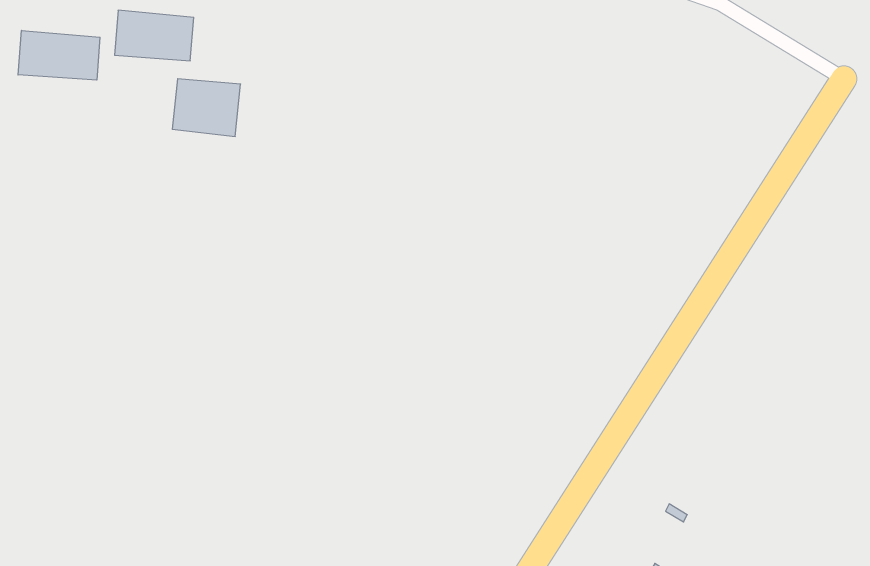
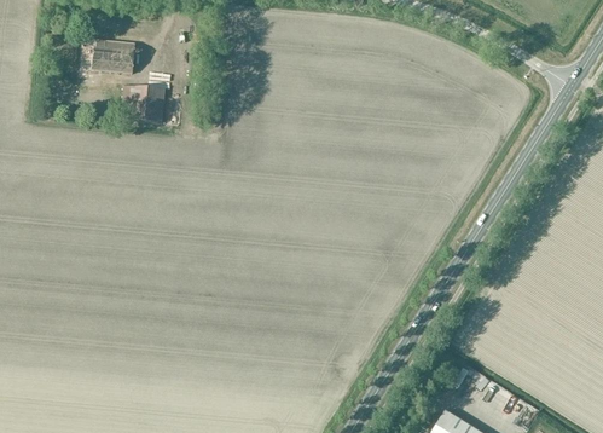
building: [18,30,100,80] -> none

